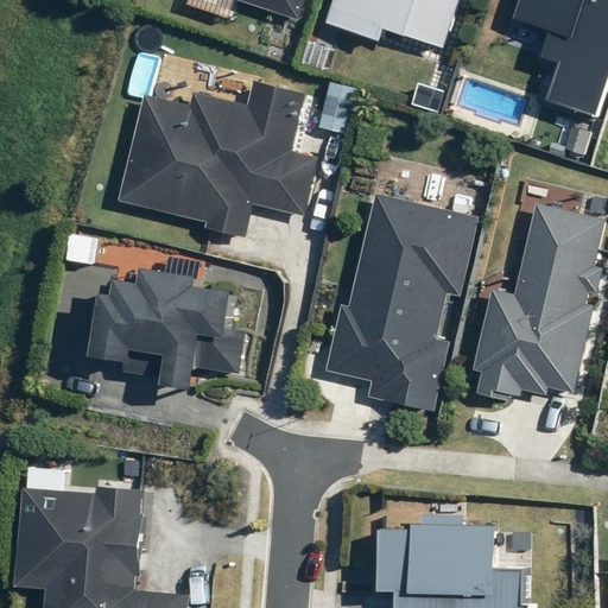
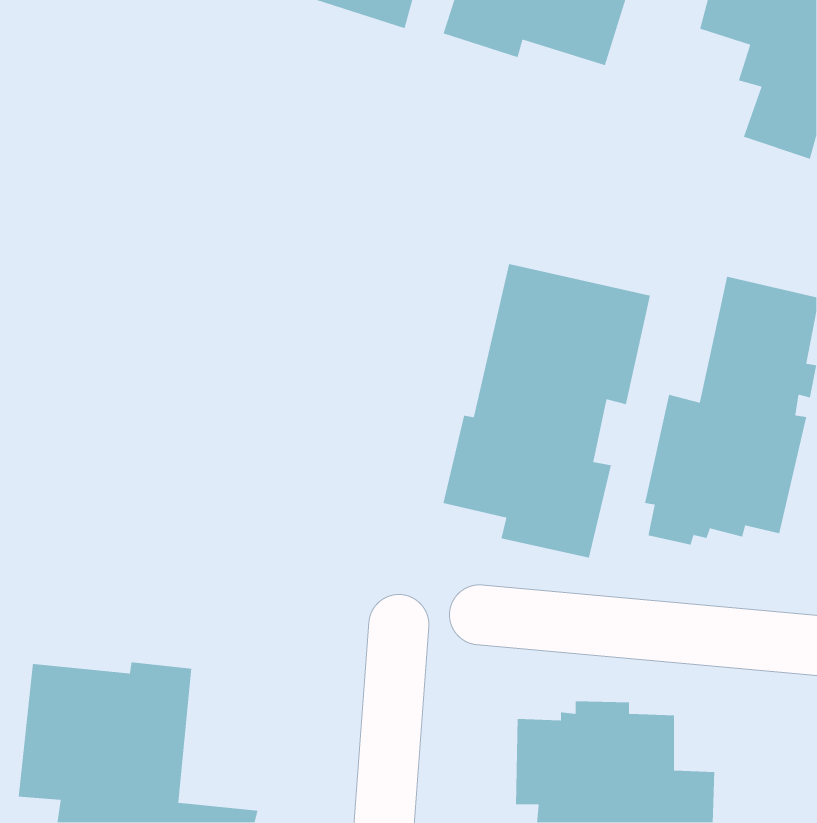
building: [116,82,316,236] -> none
building: [91,270,245,392] -> none

